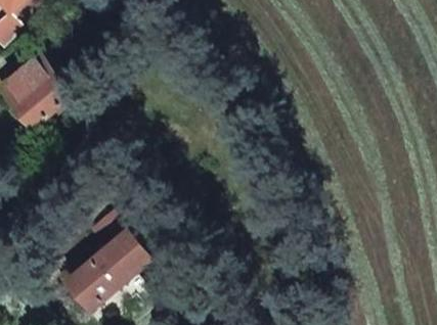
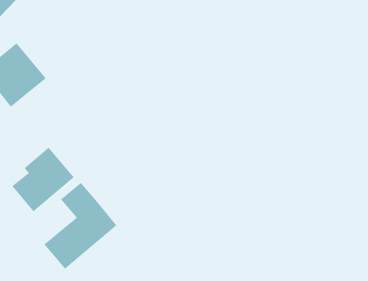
building: none -> [11,147,75,212]

